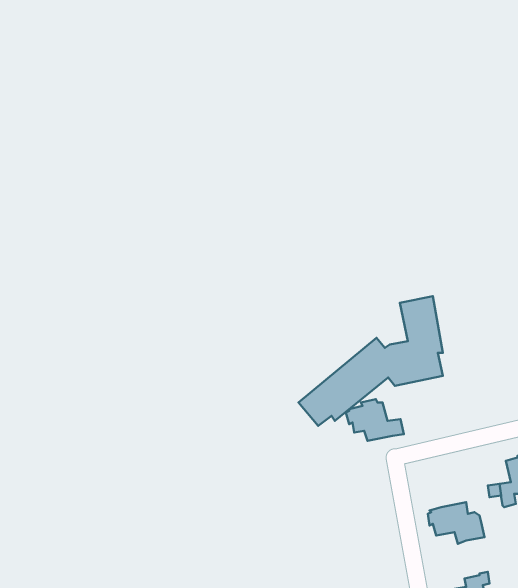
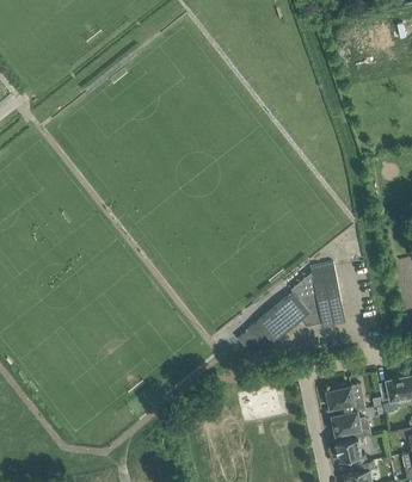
building: [346,399,404,441] -> [324,384,365,414]
building: none -> [334,438,367,465]

